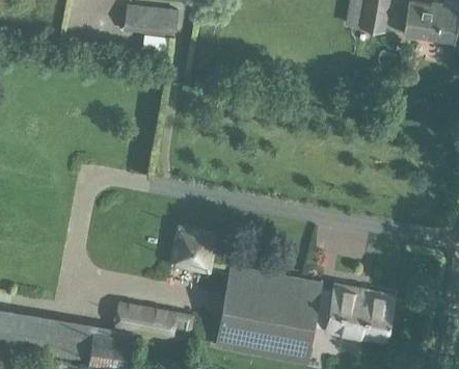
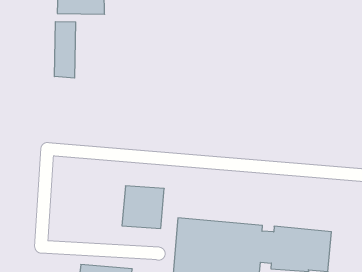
building: none -> [54,22,76,78]

